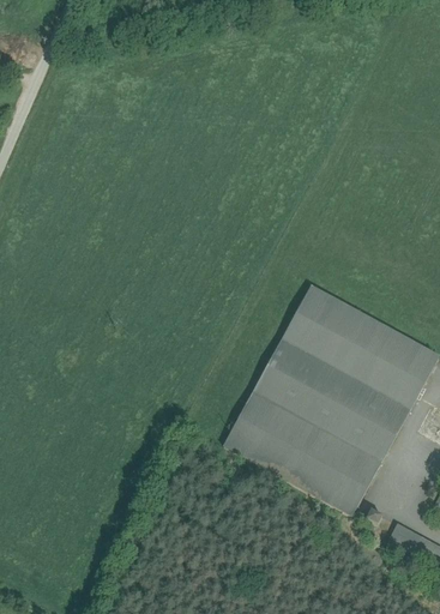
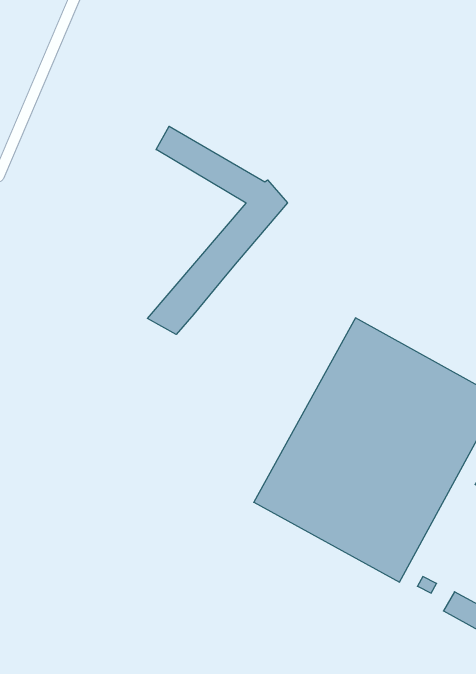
building: none -> [147,126,287,334]

